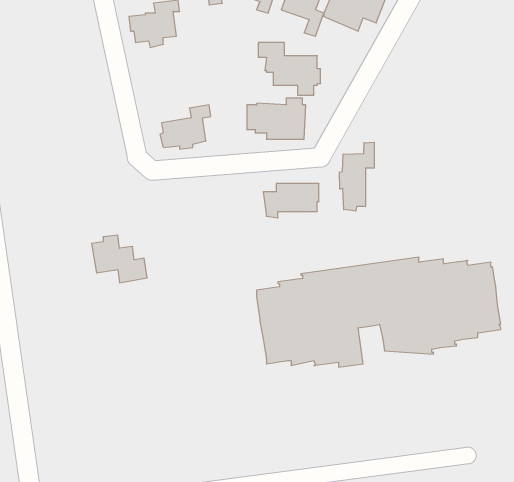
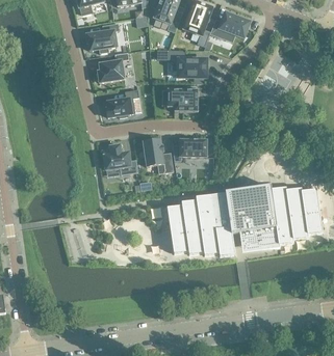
building: none -> [96,52,128,82]
building: [339,142,374,211] -> none
building: none -> [143,139,173,173]
building: [92,235,147,283] -> [102,144,137,174]

